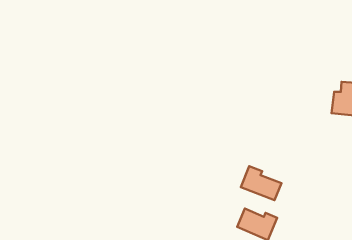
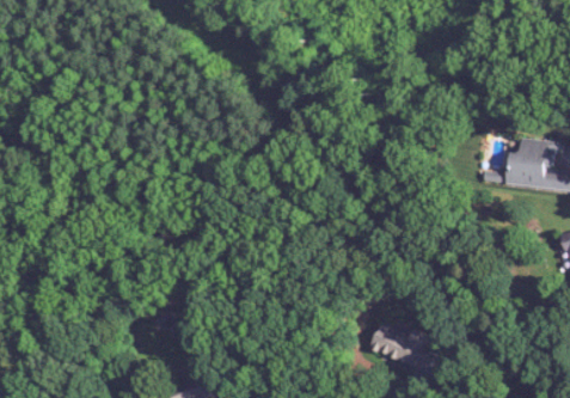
building: [241,166,282,200] -> none

